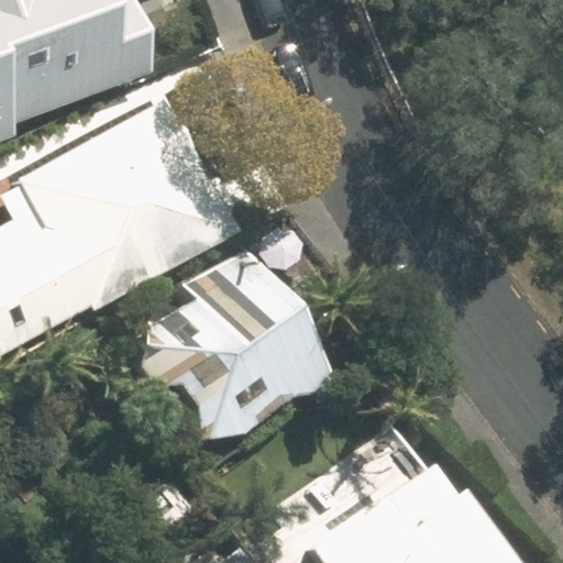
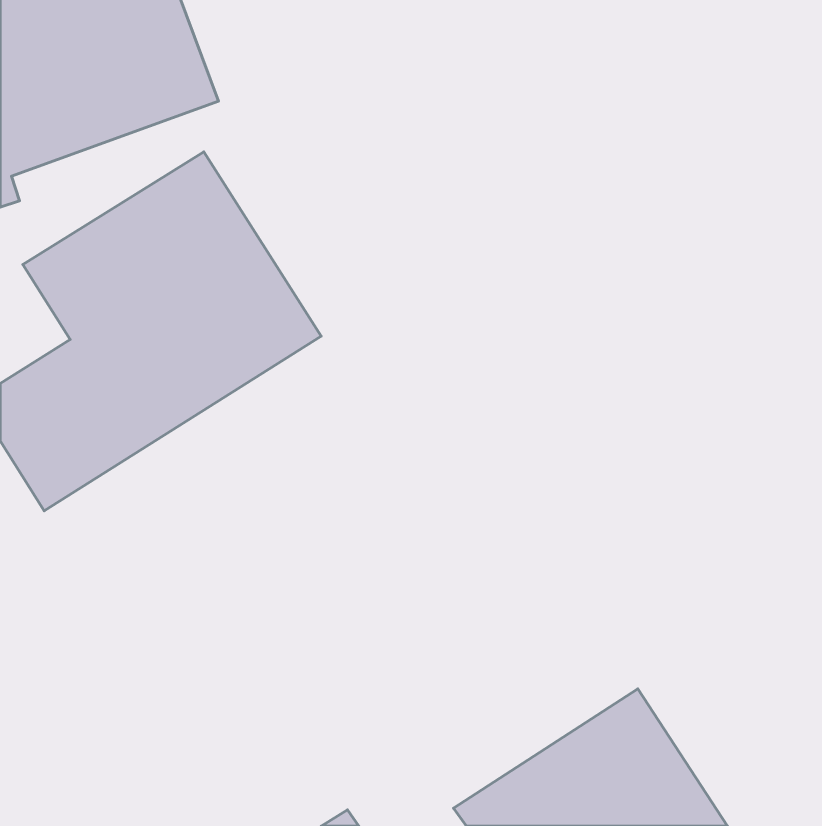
building: [125,262,329,461] -> none

